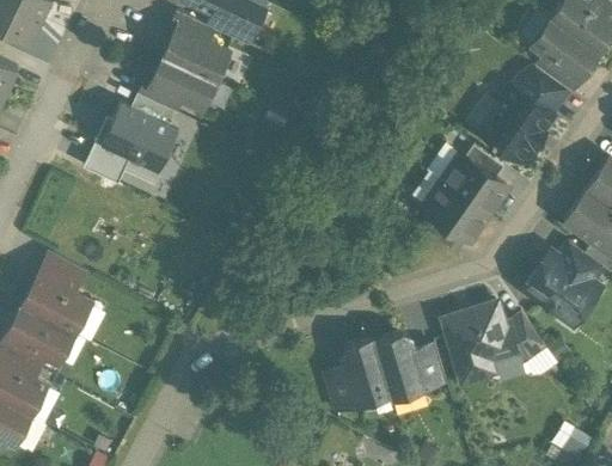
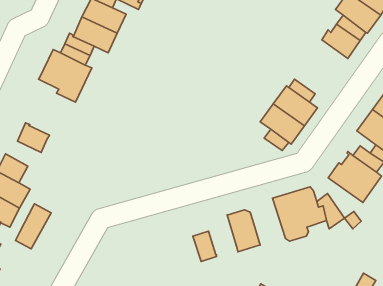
building: [478,88,552,163] -> none
building: [84,143,130,186] -> [17,123,49,153]
building: none -> [16,204,51,249]
building: [344,341,390,403] -> none
building: [412,347,446,391] -> none

